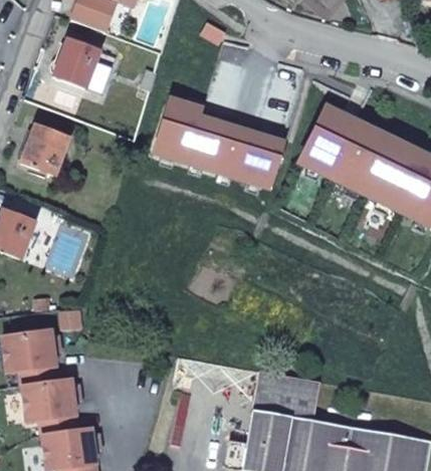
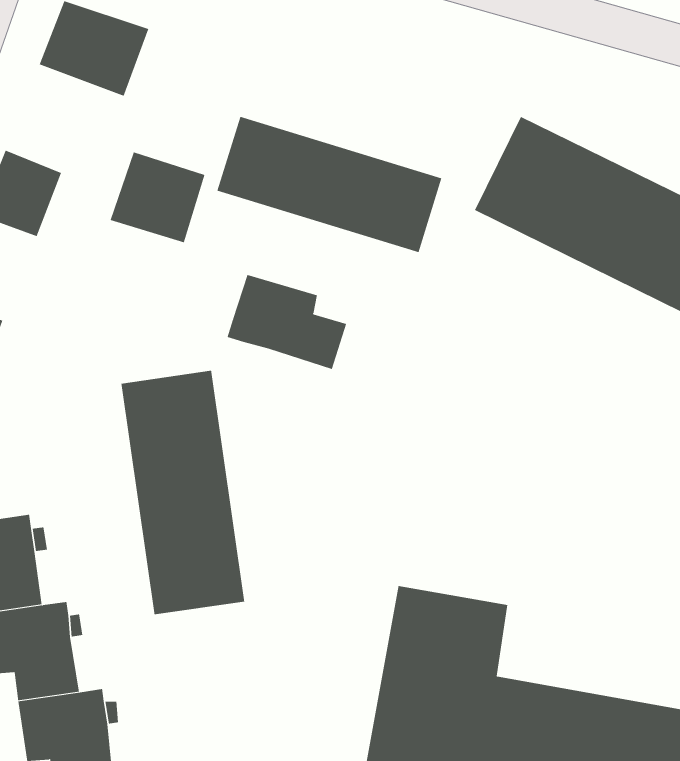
building: none -> [110,151,205,243]
building: none -> [227,274,347,370]
building: none -> [121,370,245,615]

